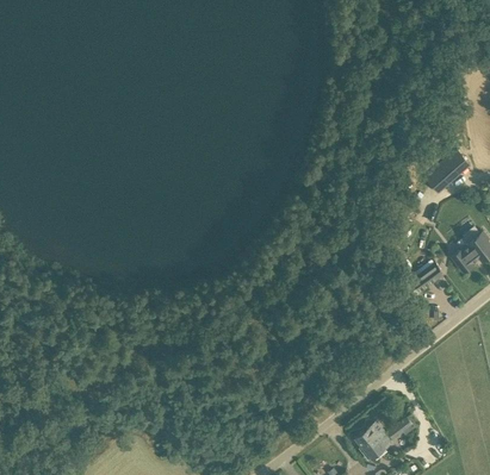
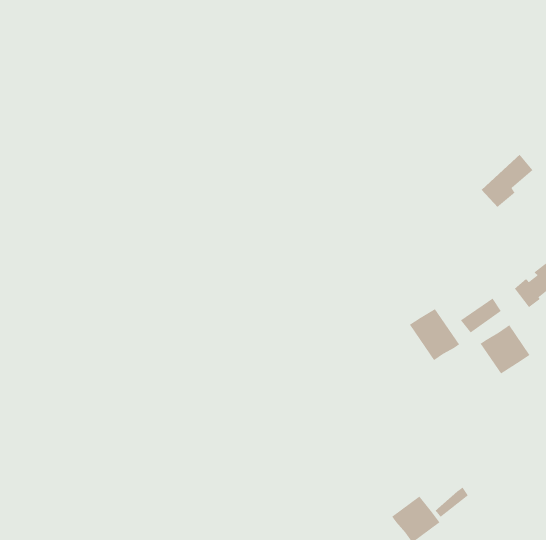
building: none -> [409,308,460,361]
building: none -> [480,324,530,374]

